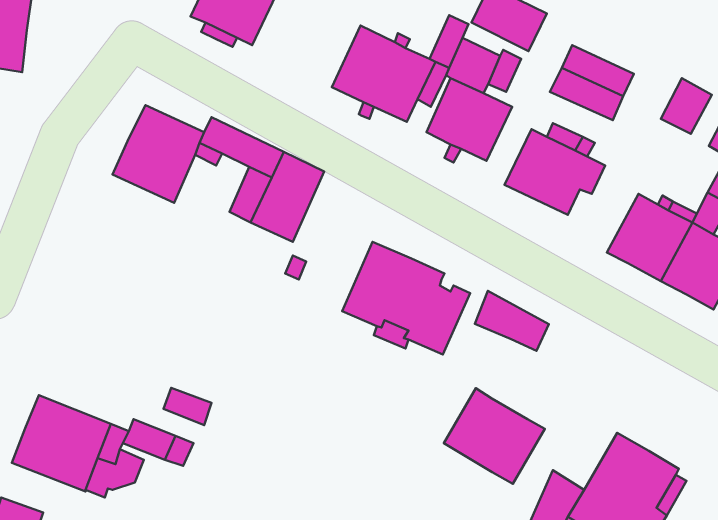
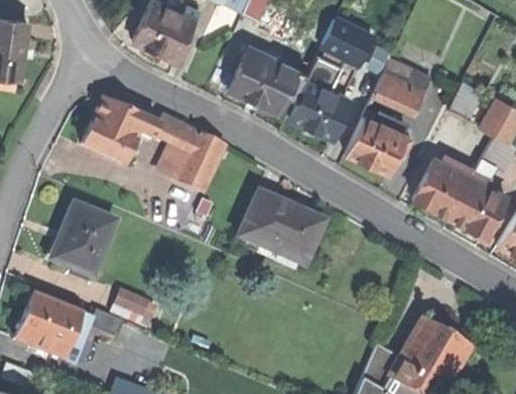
building: none -> [52,203,116,276]
building: [475,291,549,351] -> none
building: [444,388,545,484] -> none

